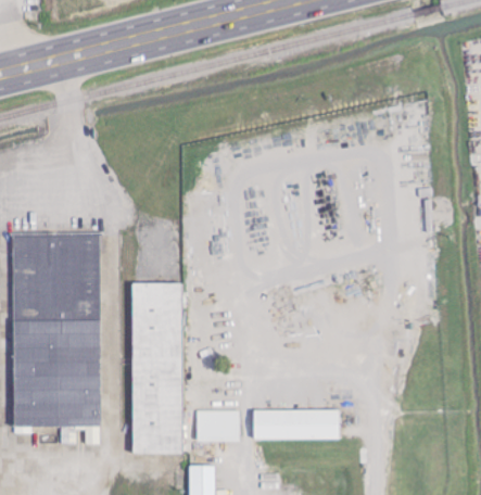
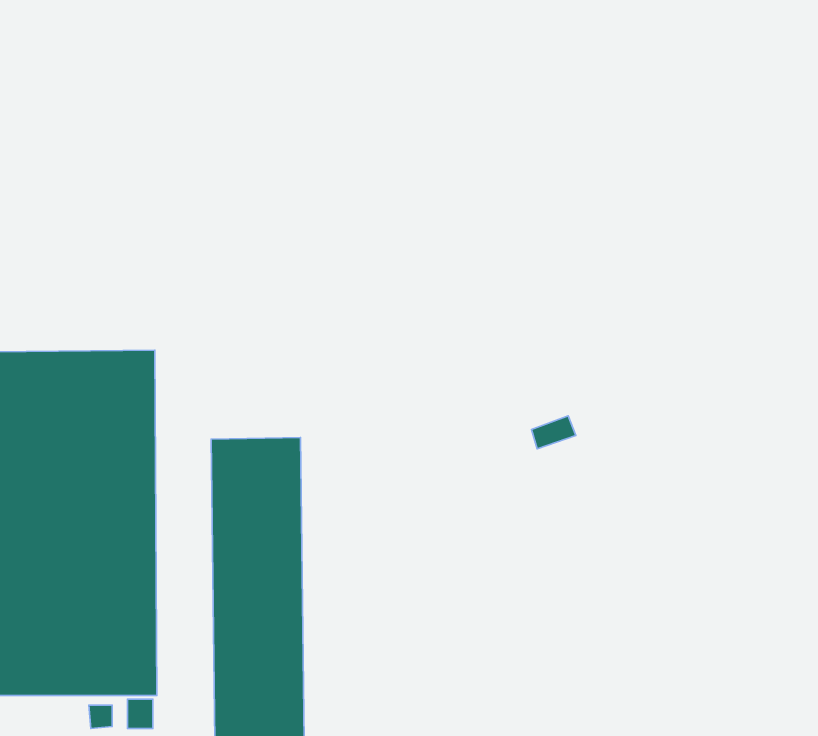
building: [195,409,238,441] -> none
building: [254,410,340,440] -> none

